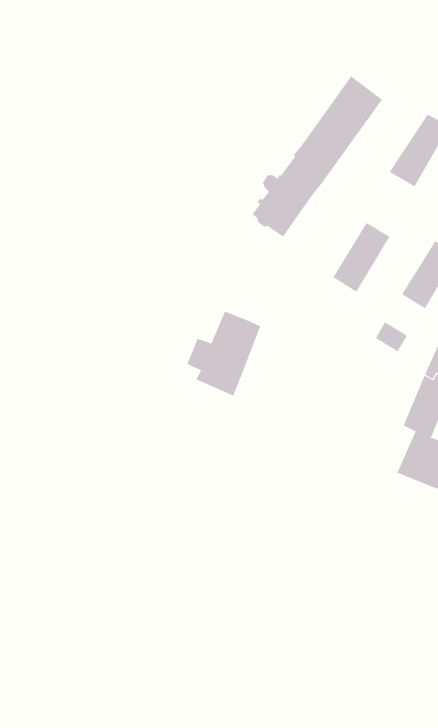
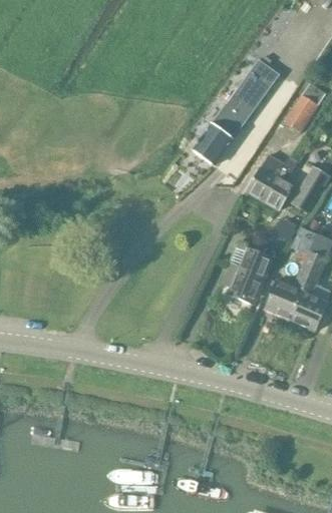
building: none -> [263,155,298,209]
building: [186,311,261,396] -> [223,247,272,304]
building: none -> [265,281,301,319]

